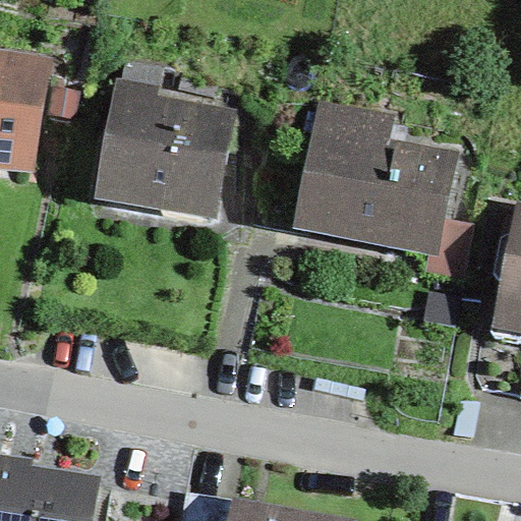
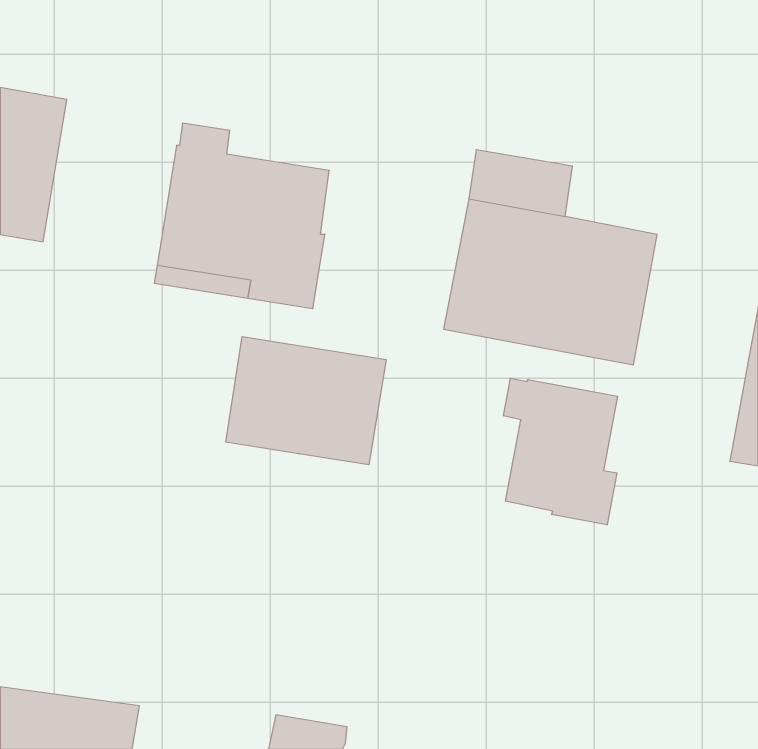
building: none -> [226,337,386,465]
building: none -> [503,378,618,525]

